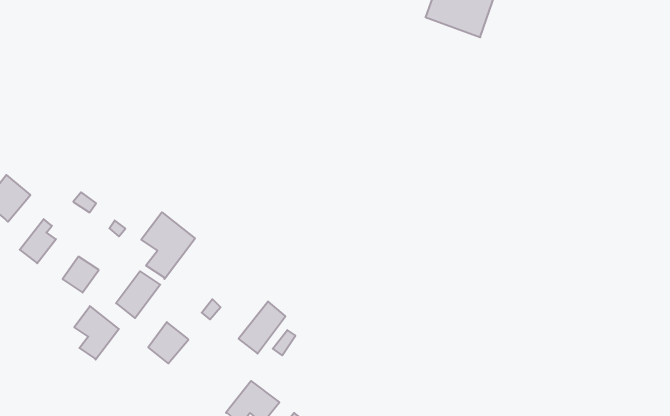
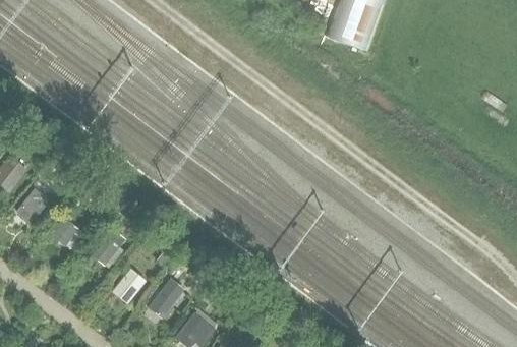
building: [141,212,195,279] -> none
building: [239,301,285,354] -> [148,278,183,317]
building: [74,306,119,360] -> none

